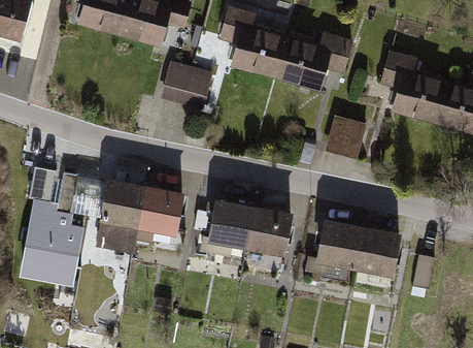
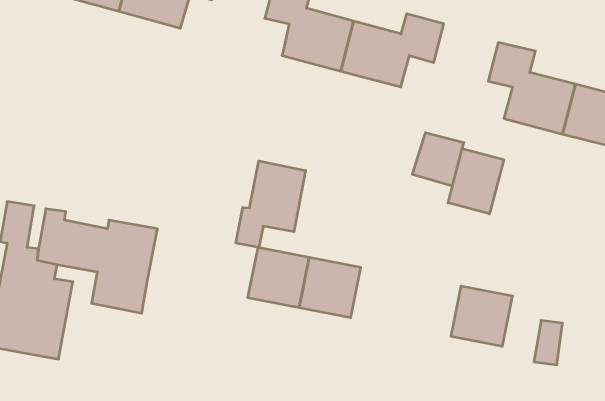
building: [165,65,210,104] -> none
building: none -> [448,149,504,214]
building: none -> [236,161,306,248]
building: [137,189,181,232] -> none
building: [318,223,363,266] -> none

